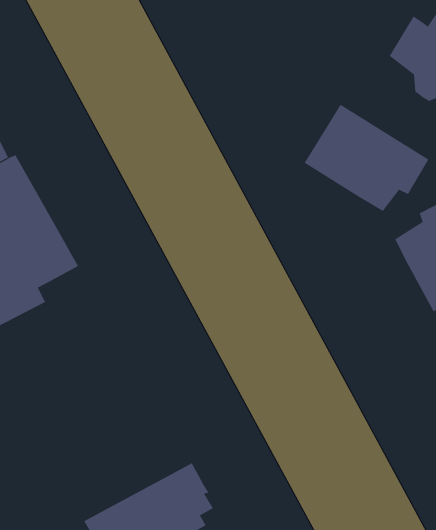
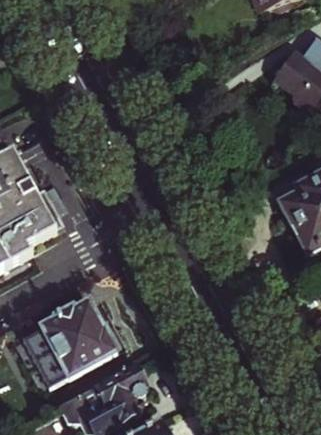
building: [304,104,429,212] -> none
building: none -> [26,297,121,382]

